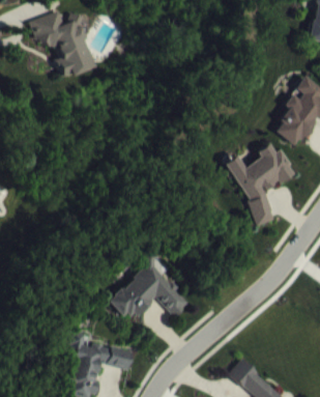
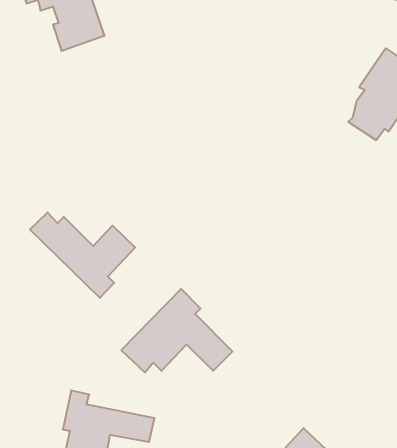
building: [223,143,295,224] -> none
building: none -> [30,212,135,298]

